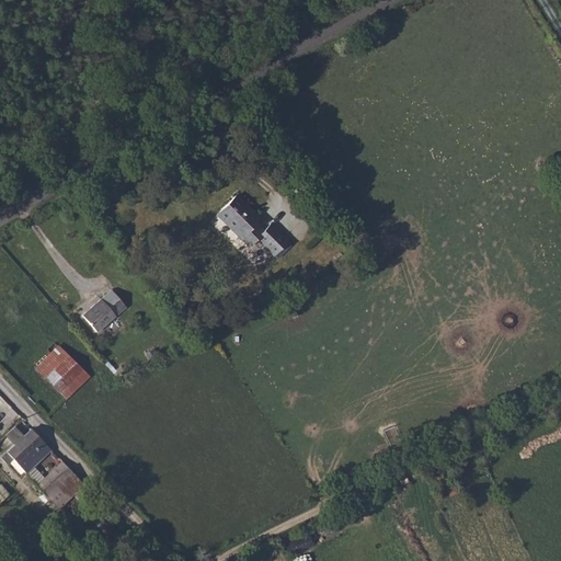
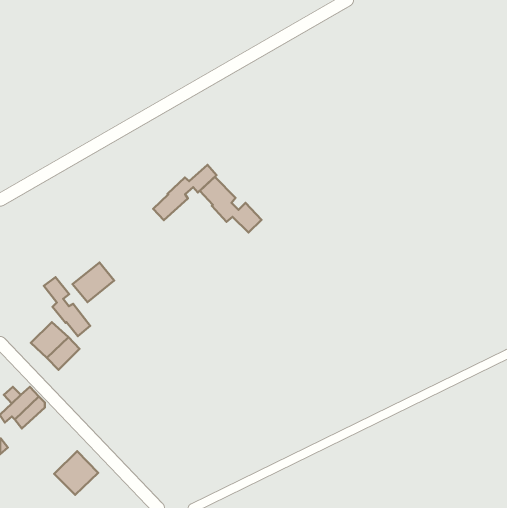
building: none -> [153,165,216,220]
building: none -> [44,277,90,336]
building: [38,457,87,505] -> [54,451,98,495]

